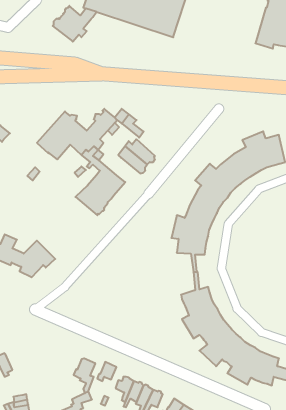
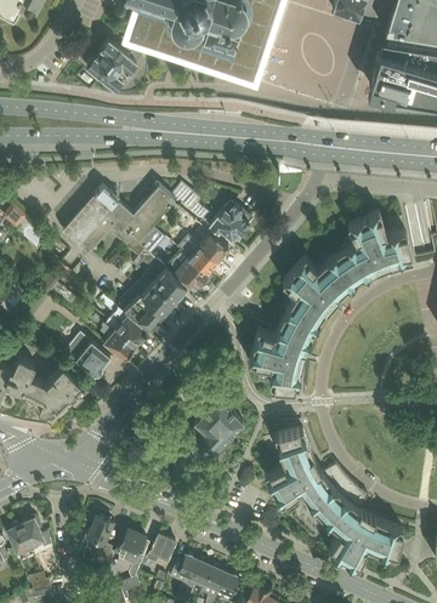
building: none -> [211,199,254,241]
building: none -> [170,250,209,285]
building: none -> [93,294,149,358]
building: none -> [66,332,110,374]
building: none -> [188,398,245,456]
building: none -> [22,514,53,547]
building: none -> [86,514,115,565]

